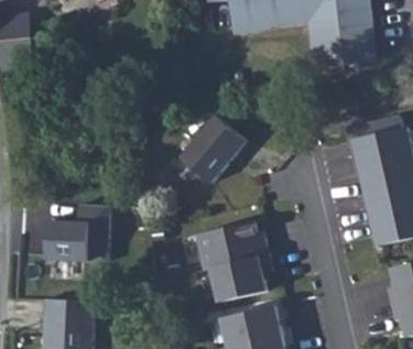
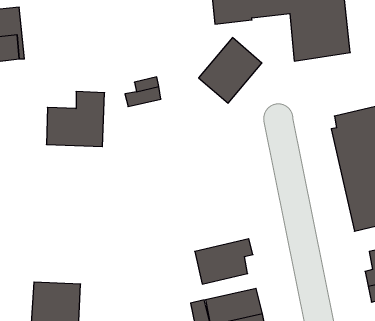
building: [180,114,246,183] -> [199,38,262,103]
building: [46,205,107,262] -> [46,92,105,147]
building: [195,221,267,270] -> none

